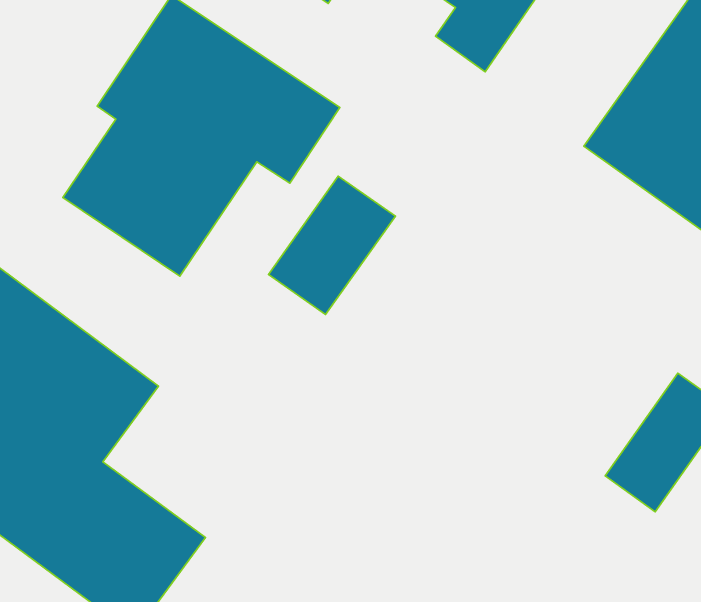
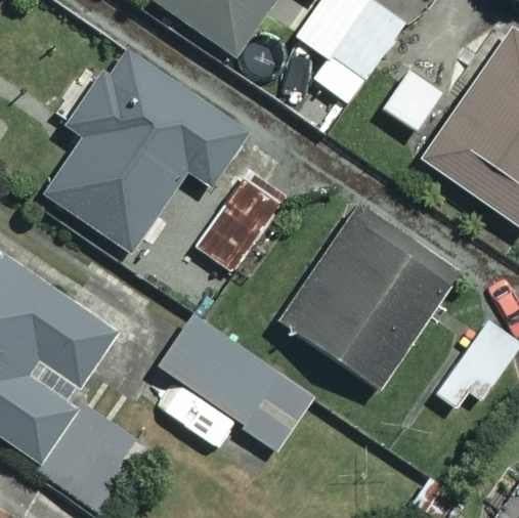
building: none -> [282,207,453,386]
building: none -> [154,316,312,452]

